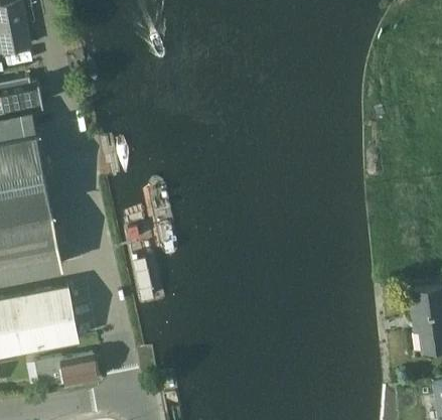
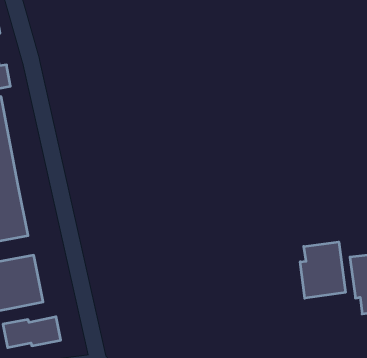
building: none -> [300,242,345,298]

